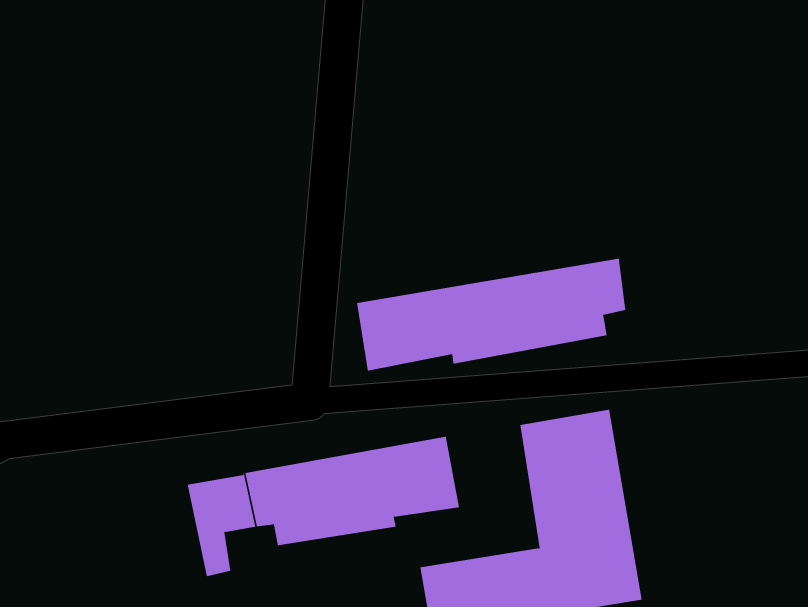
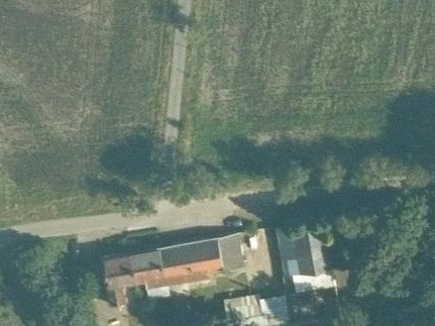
building: [357,258,626,371] -> none

